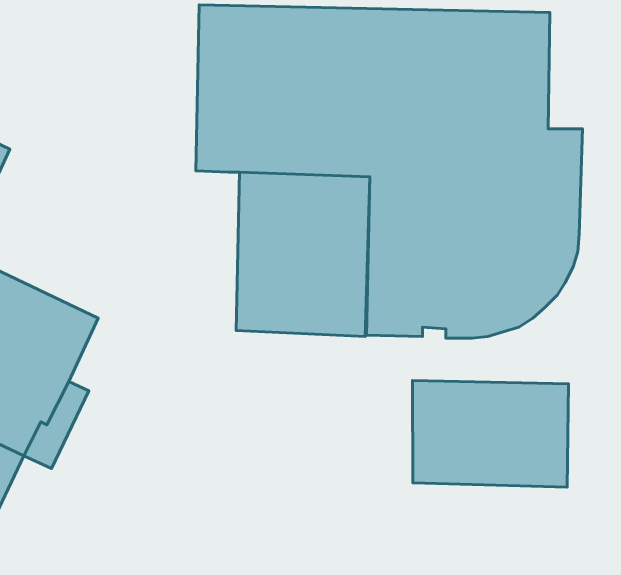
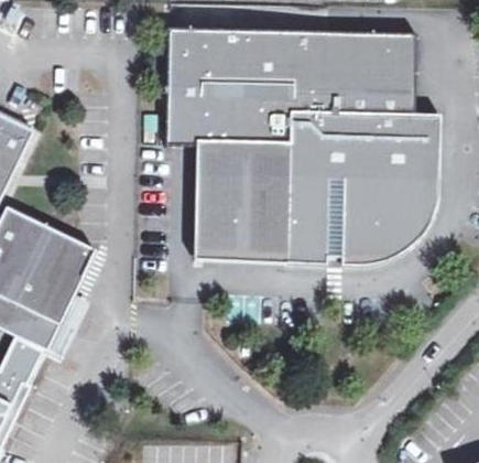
building: [413,380,568,487] -> none

